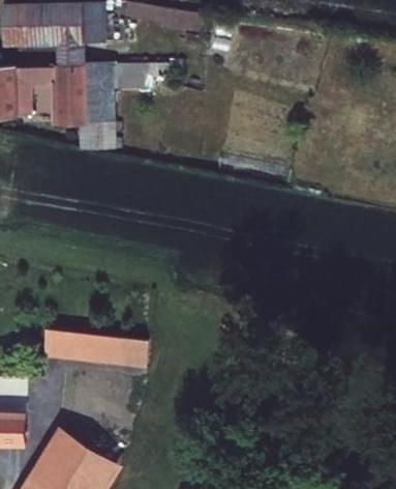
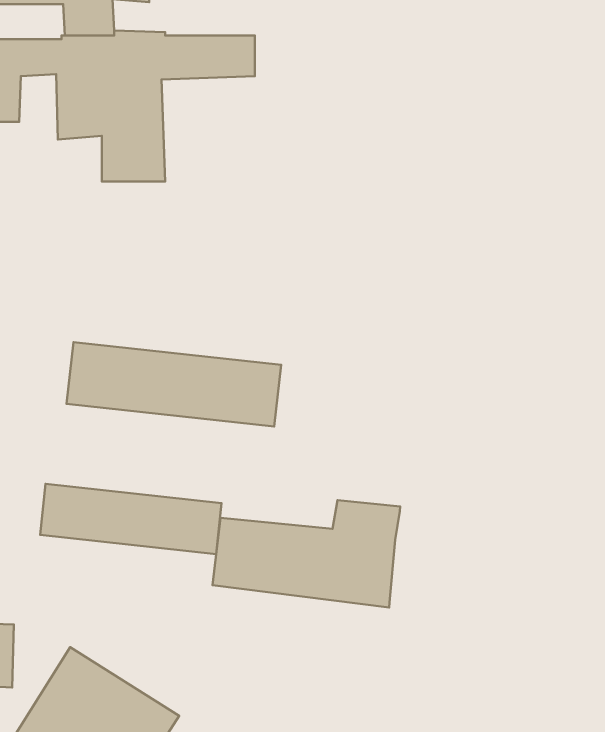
building: none -> [66,342,281,427]
building: none -> [212,500,400,607]

